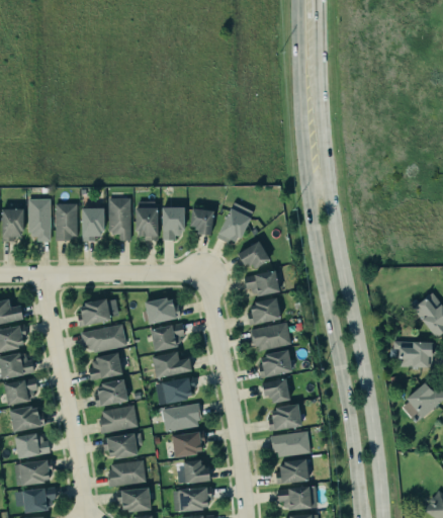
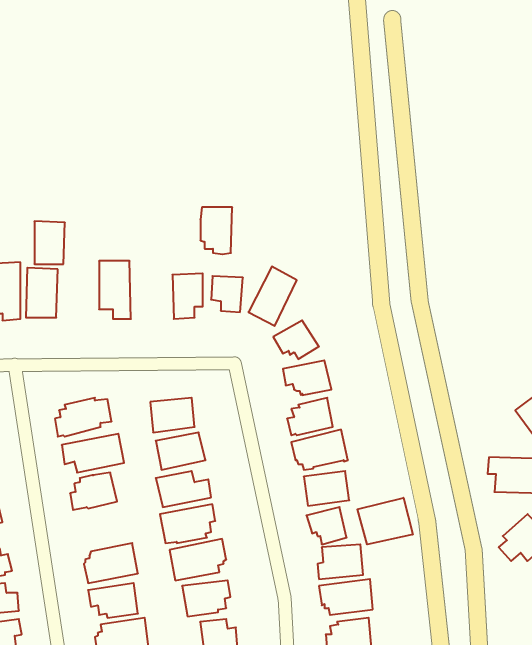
building: [135,206,158,241] -> [200,207,232,254]
building: [83,207,105,239] -> [34,221,65,264]
building: none -> [357,498,413,544]
building: [94,378,129,407] -> none

